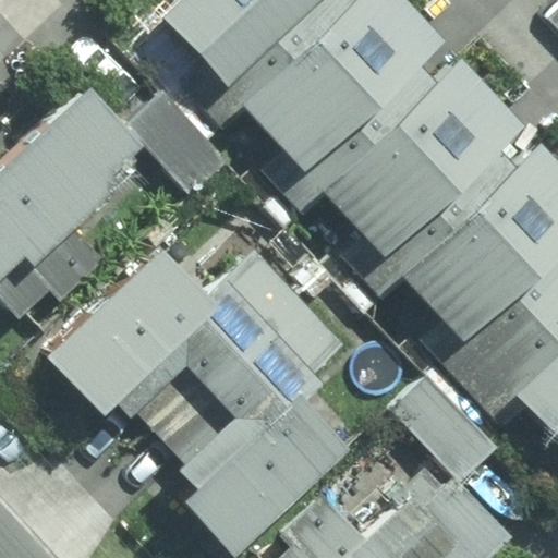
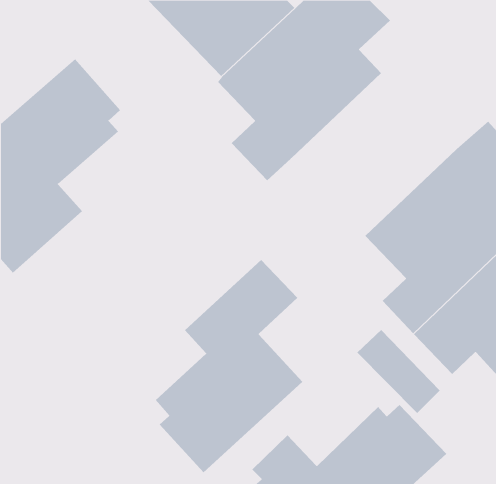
building: [328,63,523,304] -> none
building: [52,247,294,415] -> none

